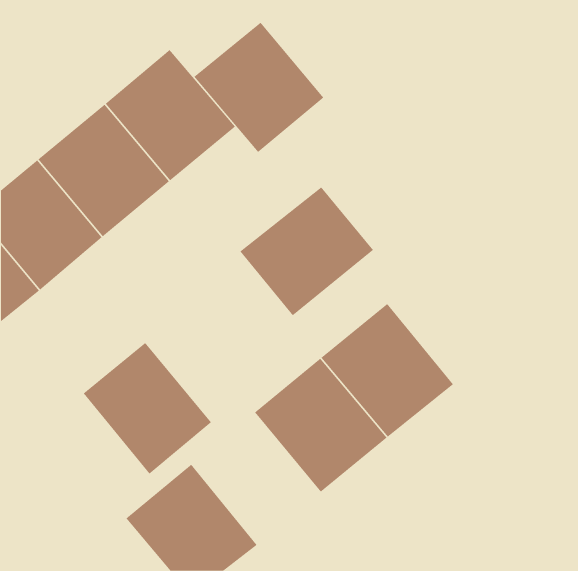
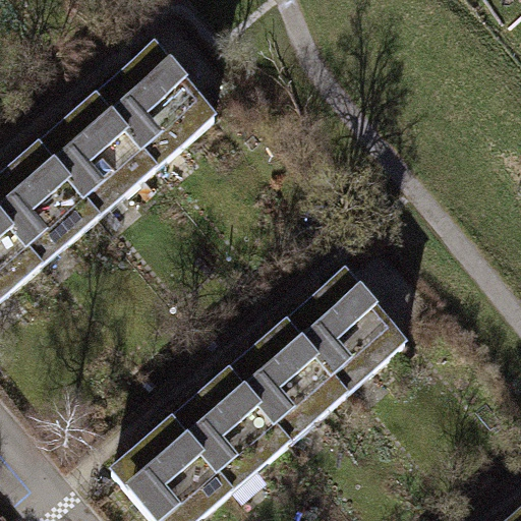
building: [194,22,324,153] -> none
building: [239,186,374,316] -> none
building: [83,342,212,474] -> [175,368,290,486]

